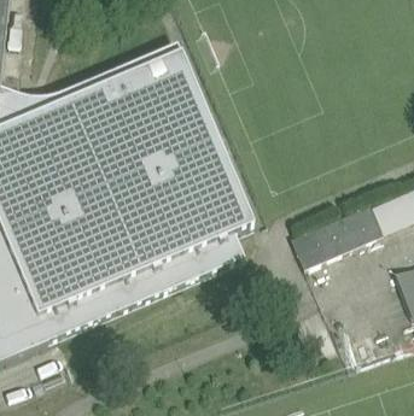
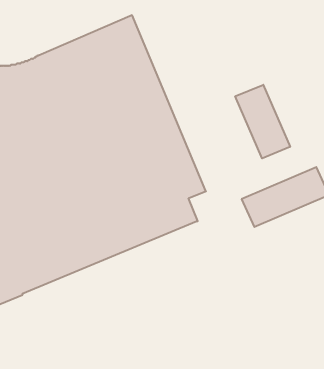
building: none -> [235,85,290,158]

